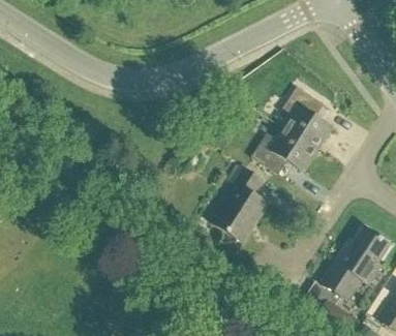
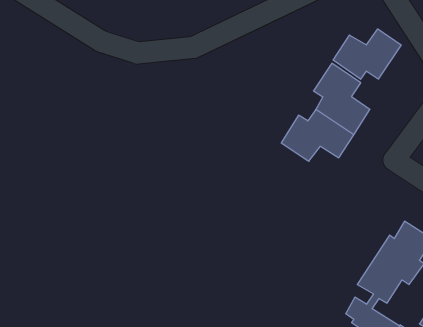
building: none -> [333,29,401,79]
building: [212,163,268,241] -> none

